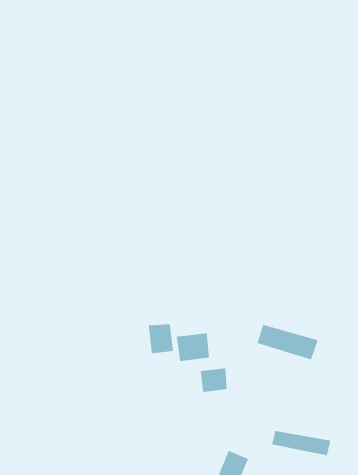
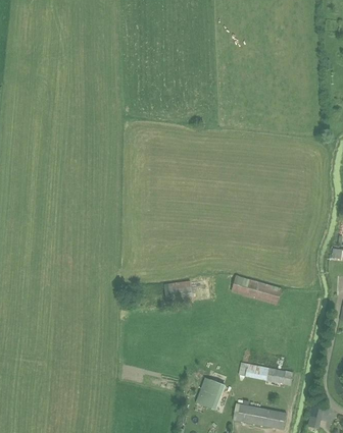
building: [148,324,174,354] -> none
building: [200,368,228,393] -> none

